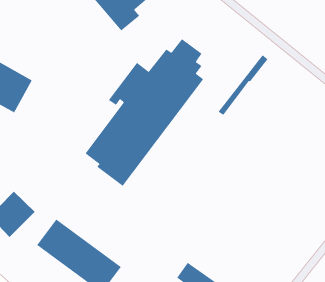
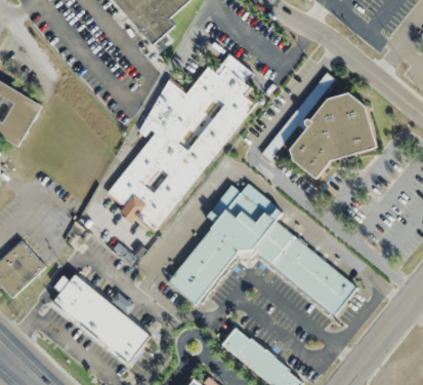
building: none -> [286,92,378,179]
building: none -> [167,183,357,317]

